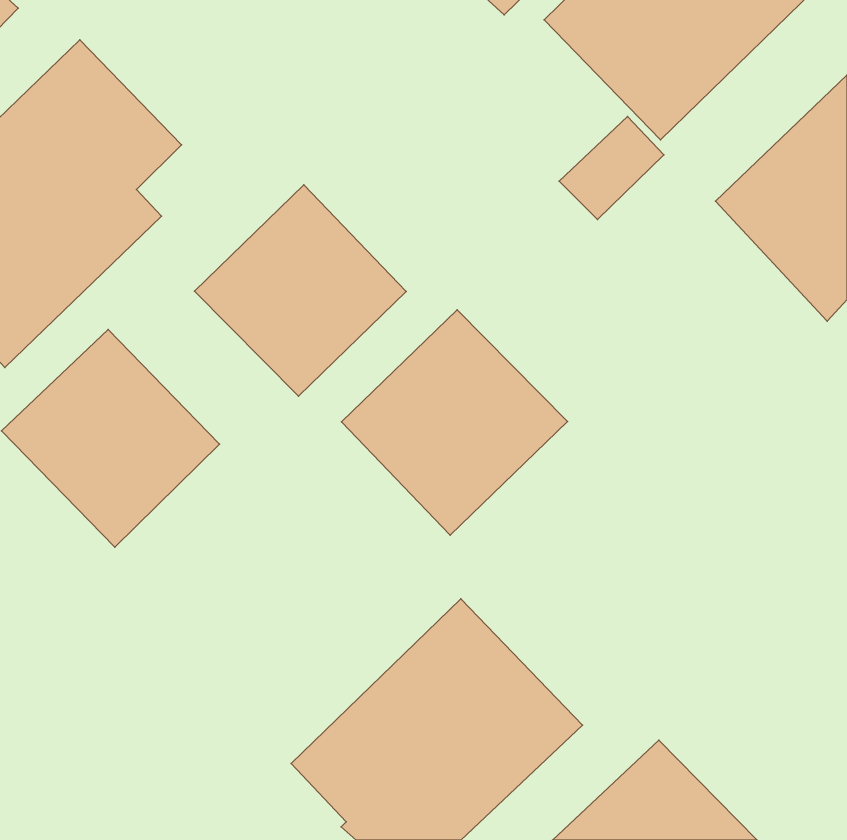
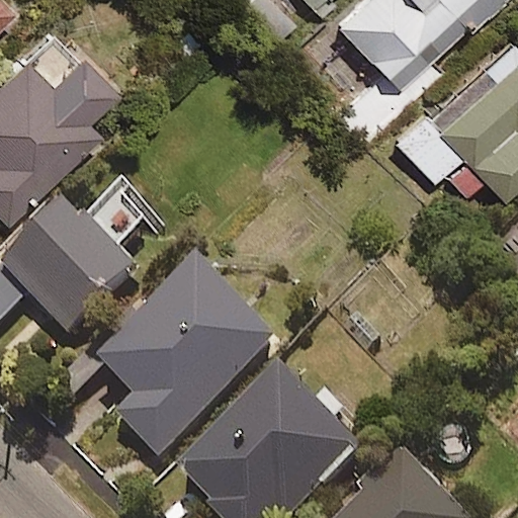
building: [194,185,406,396] -> none
building: [342,310,568,535] -> none
building: none -> [96,254,280,455]

